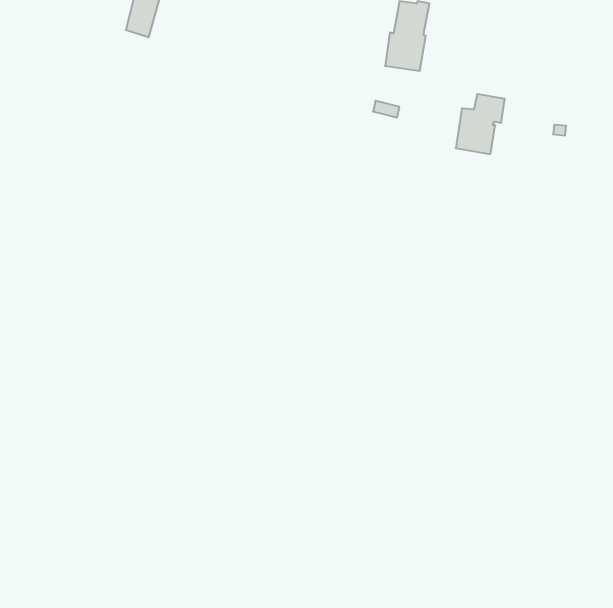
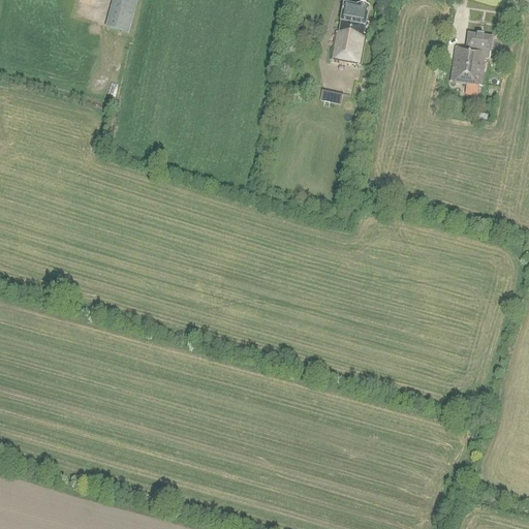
building: [456,94,505,154] -> [449,31,492,83]

